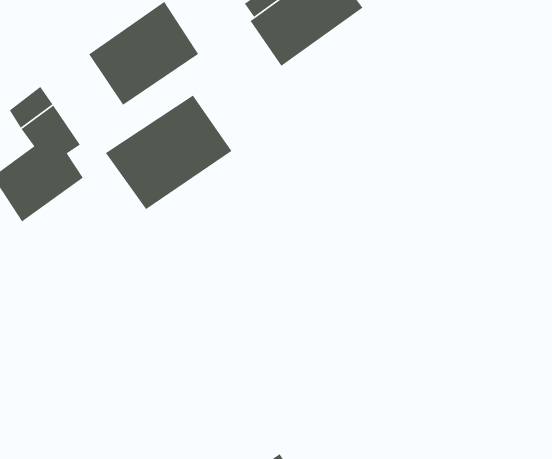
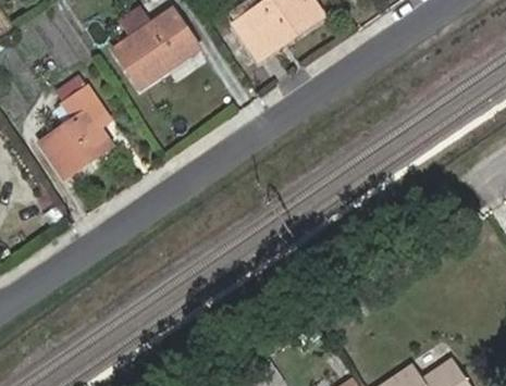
building: [105,95,232,210] -> none

